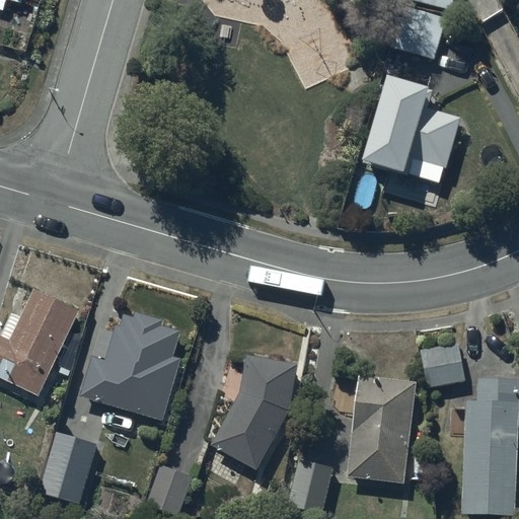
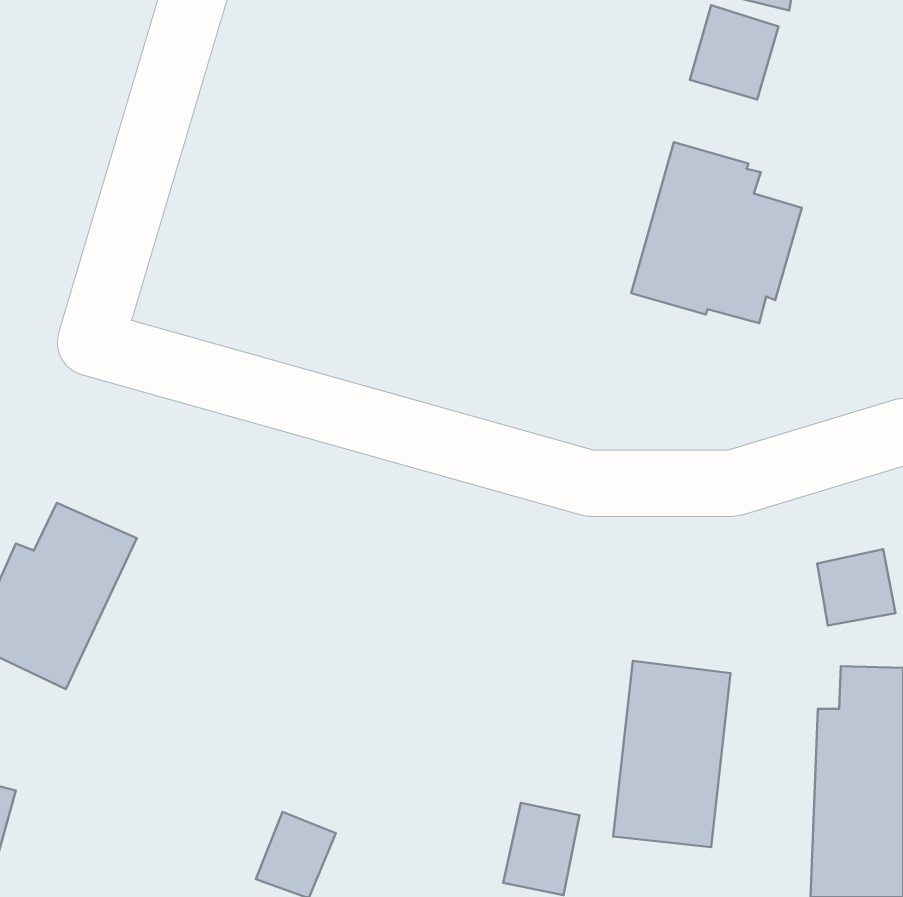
building: [78,309,179,430] -> none
building: [421,344,465,387] -> [817,549,895,626]
building: [211,358,296,471] -> none
building: [39,433,95,506] -> none

